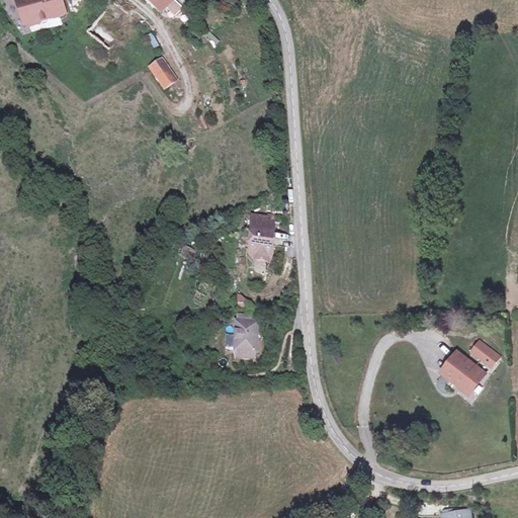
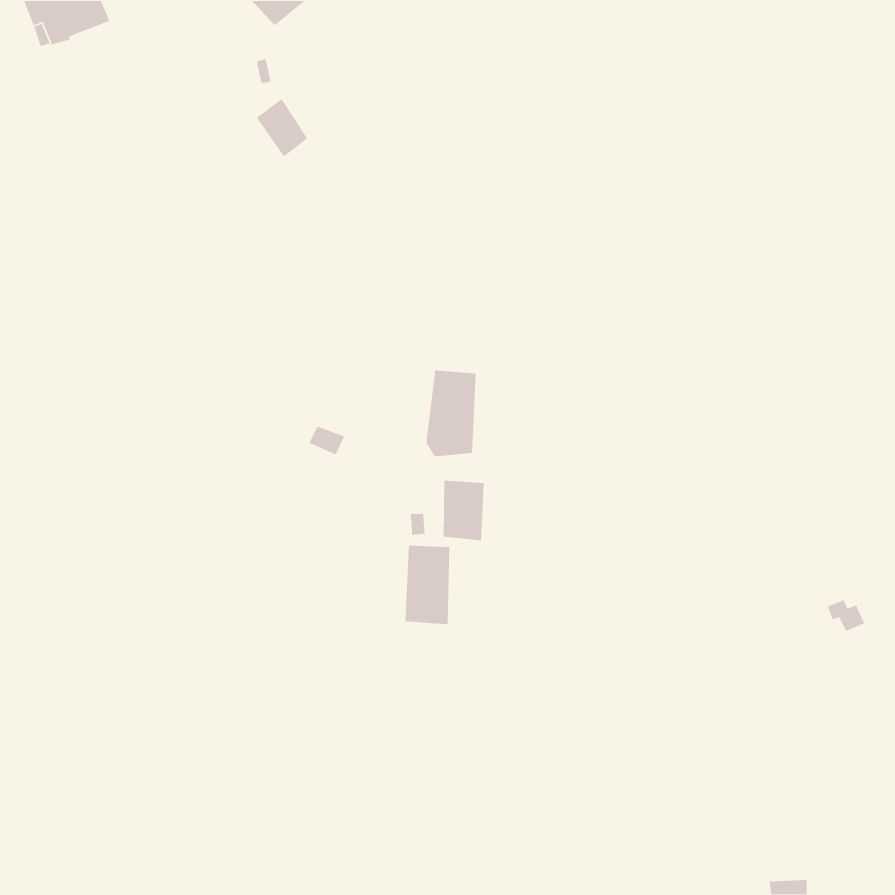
building: none -> [443,480,484,541]
building: [438,342,478,384] -> none

